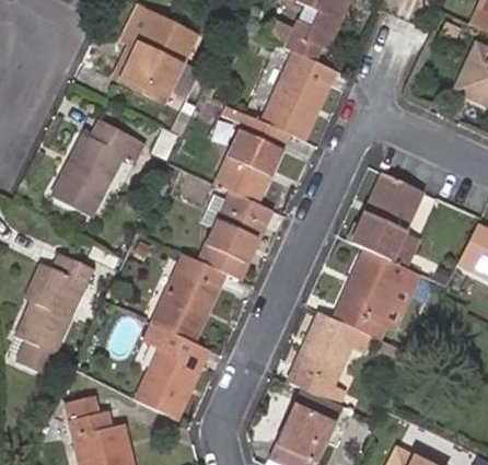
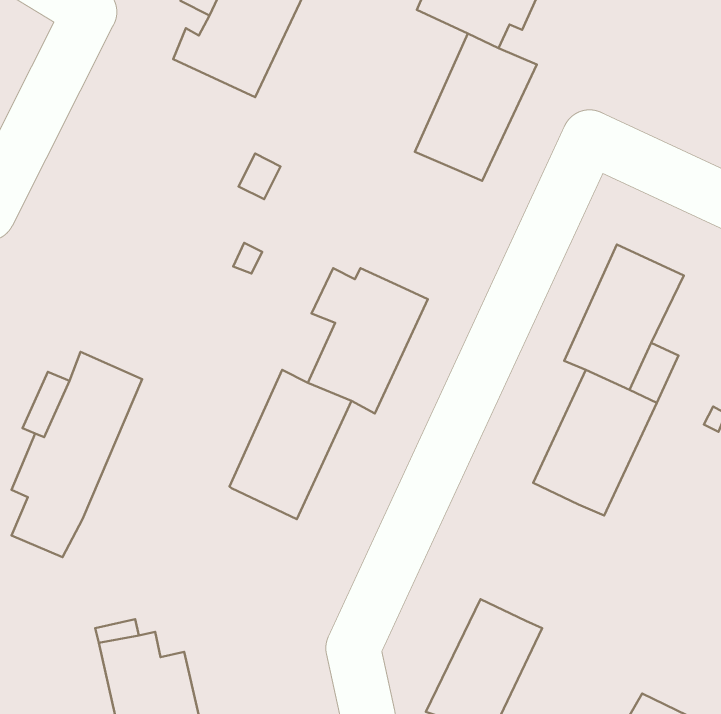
building: [54,112,147,209] -> none
building: [212,115,287,205] -> none
building: [287,317,360,406] -> none
building: [135,326,206,419] -> none

